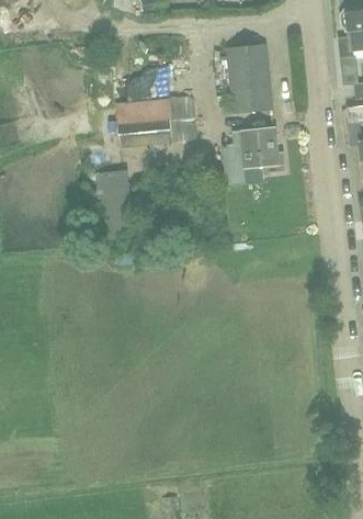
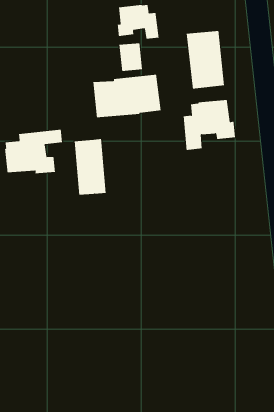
building: none -> [117,4,159,39]
building: none -> [4,129,62,174]

